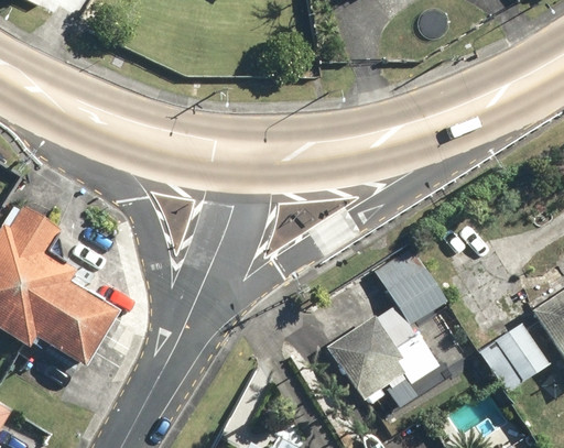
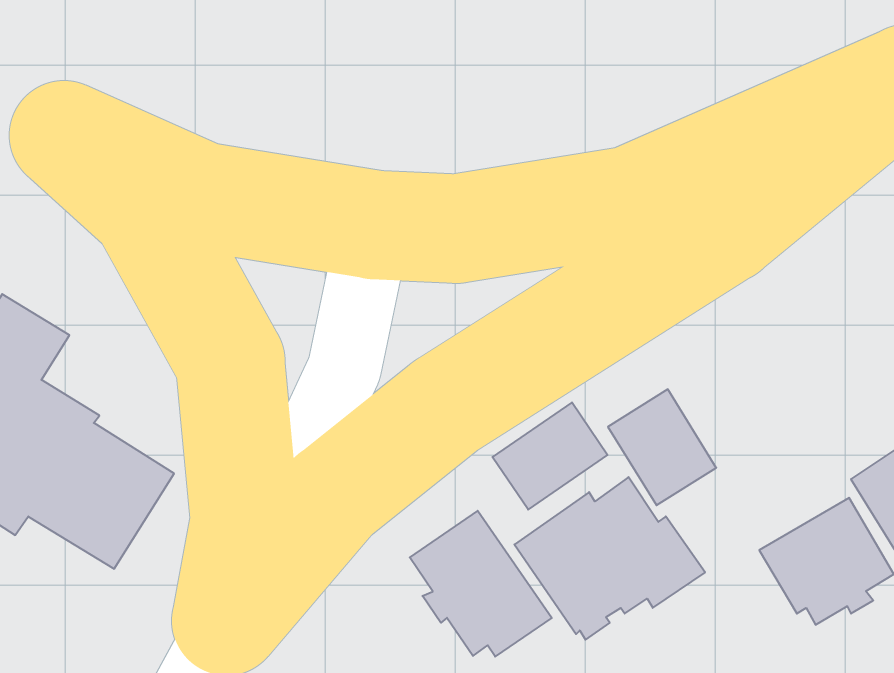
building: none -> [492,402,608,510]
building: none -> [410,511,552,657]

